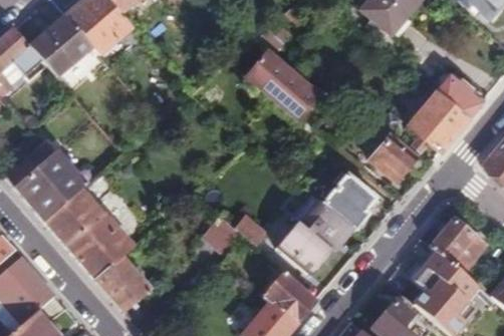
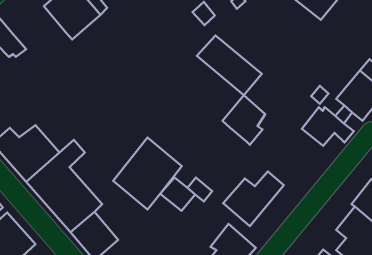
building: [29,16,92,79] -> none
building: none -> [113,138,182,209]
building: [320,172,370,230] -> [222,95,265,145]

